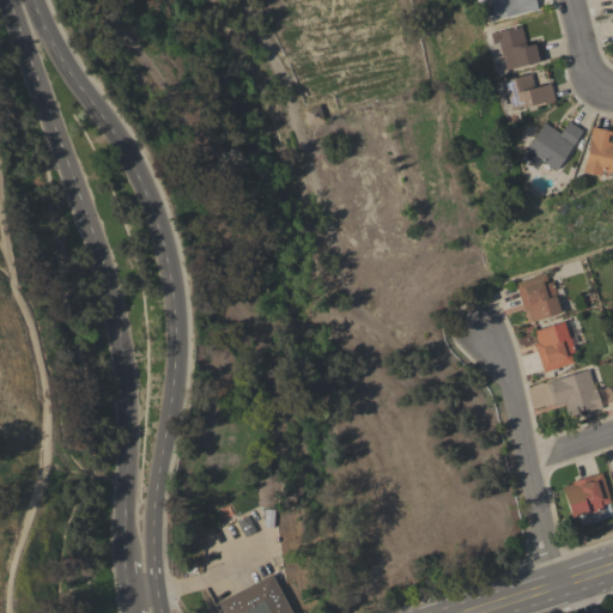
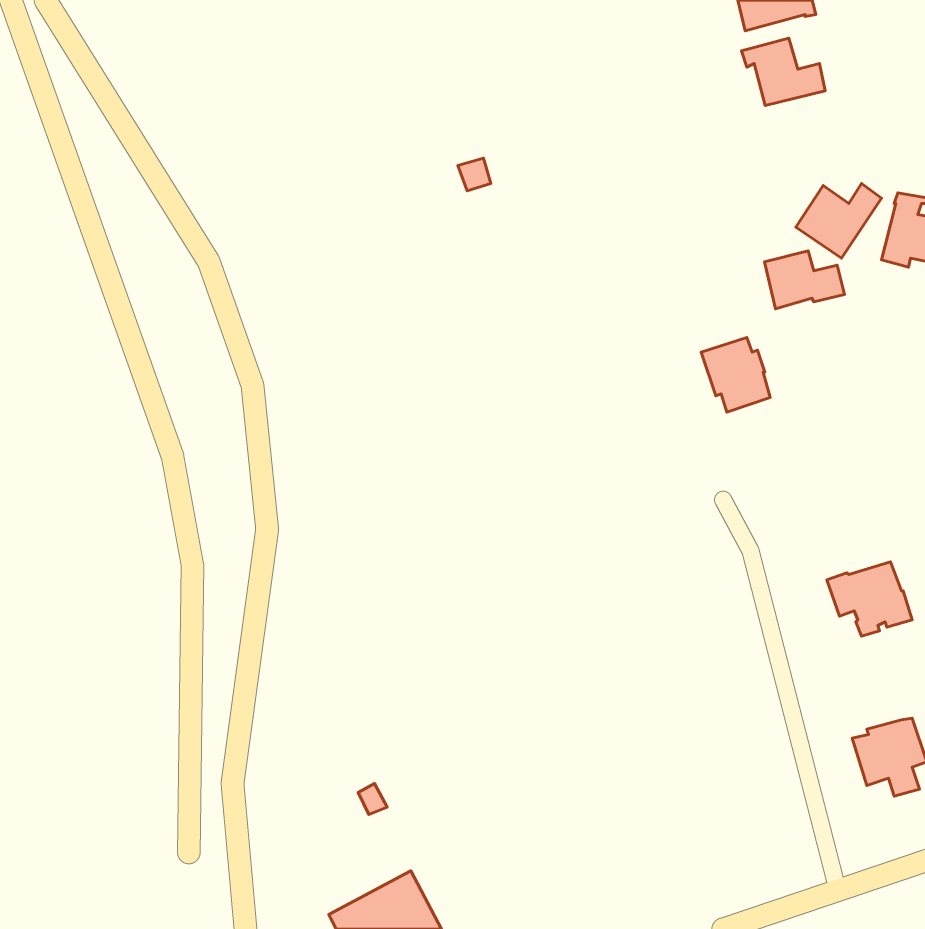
building: [504,73,557,111] -> [765,251,845,309]
building: [516,273,562,322] -> [701,338,770,412]
building: [535,322,576,372] -> none

